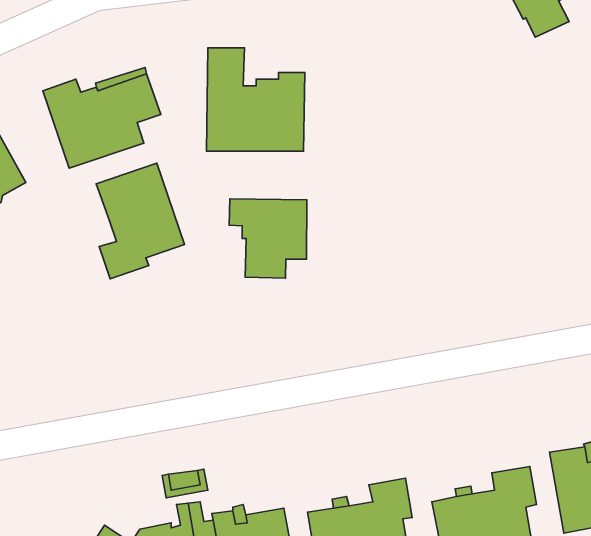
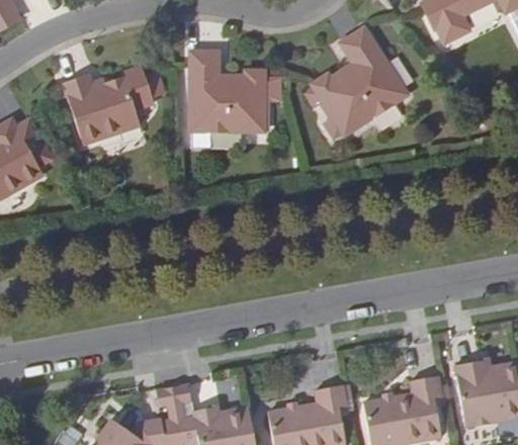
building: none -> [312,27,408,136]
building: [96,163,184,279] -> none
building: [229,199,307,278] -> none

